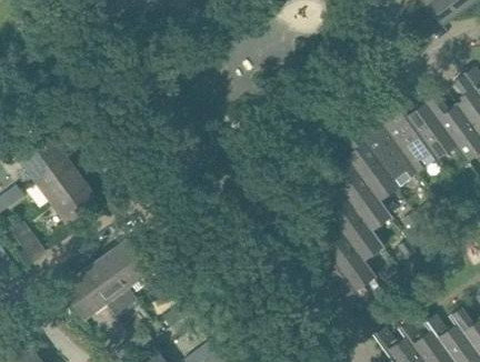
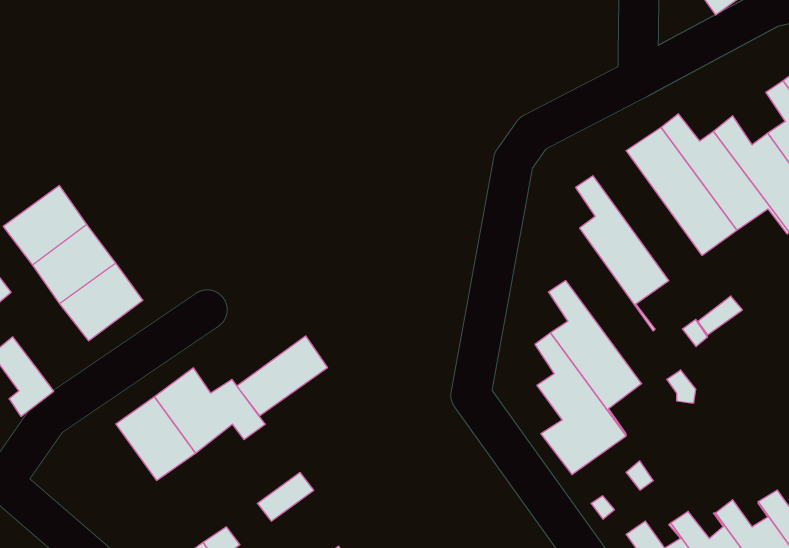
building: [356,114,418,189] -> none
building: [338,159,390,248] -> none
building: none -> [237,336,327,416]
building: [61,271,106,319] -> none

